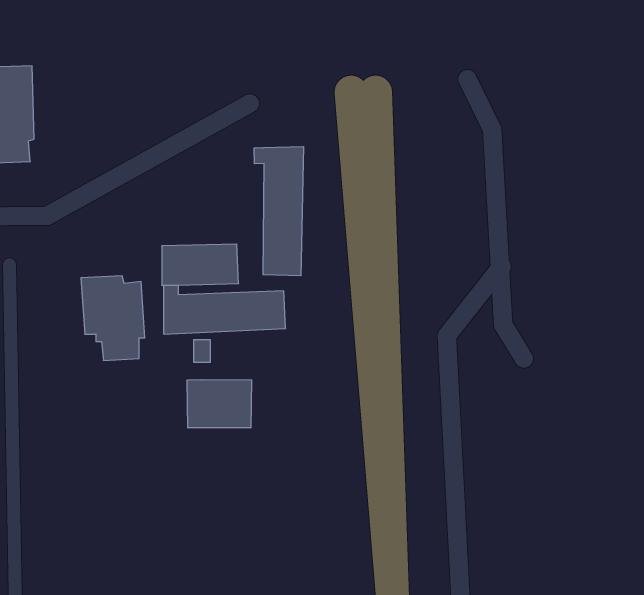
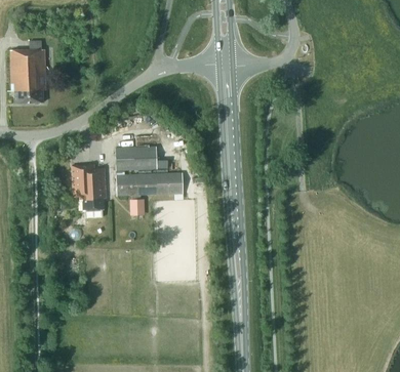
building: [254,147,303,276] -> none
building: [187,380,252,428] -> none

